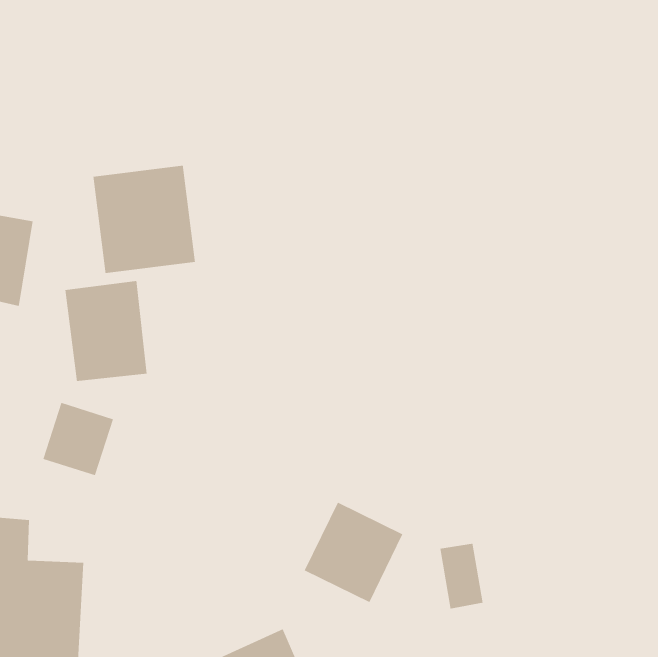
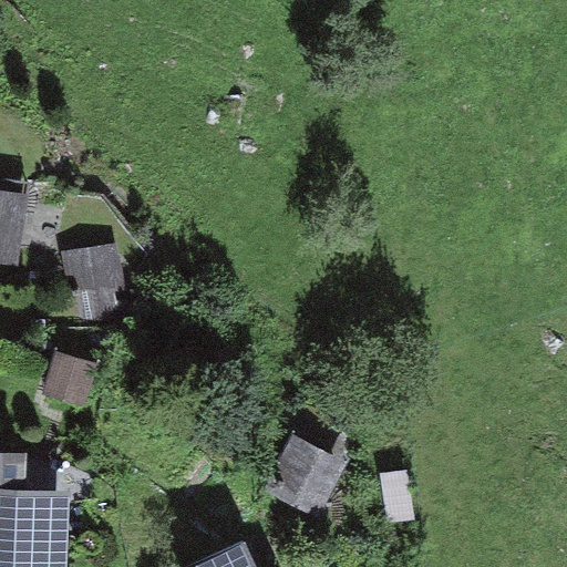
building: [93,165,195,274] -> none

